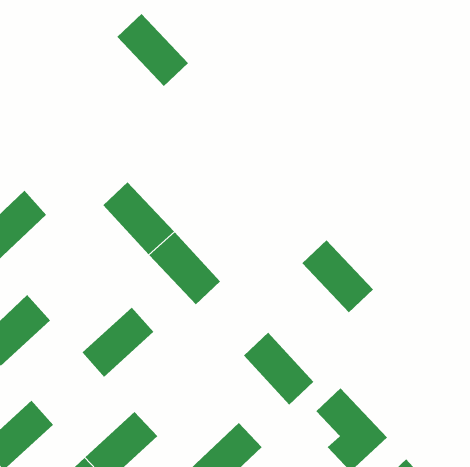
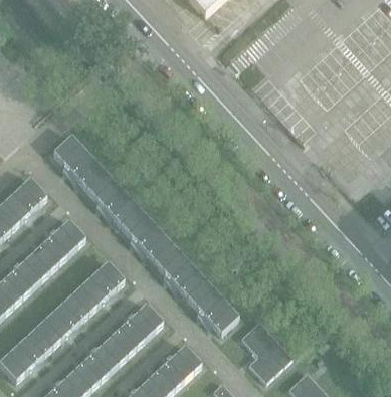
building: [117,13,189,87] -> [52,135,105,188]
building: [302,239,374,313] -> [154,243,206,296]
building: none -> [32,219,85,271]
building: none -> [35,294,87,347]
building: none -> [110,303,163,355]

